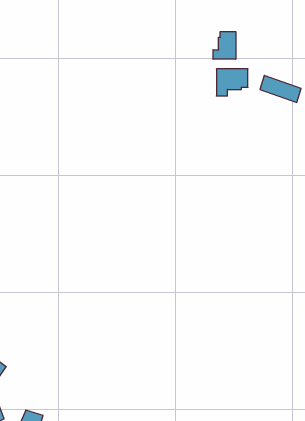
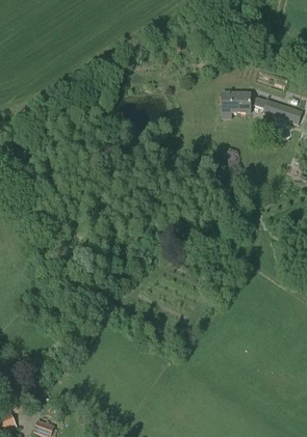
building: [213,32,236,59] -> none

